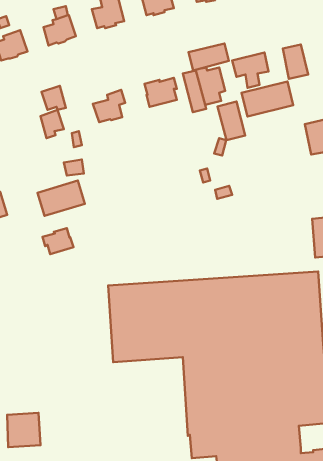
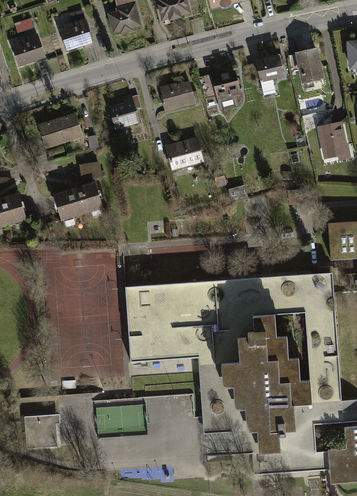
building: [189,43,229,70] -> none
building: [242,81,293,117] -> none
building: [41,86,66,110] -> [39,119,63,143]
building: [218,102,245,140] -> none
building: none -> [166,138,202,169]
building: [43,228,73,254] -> none

